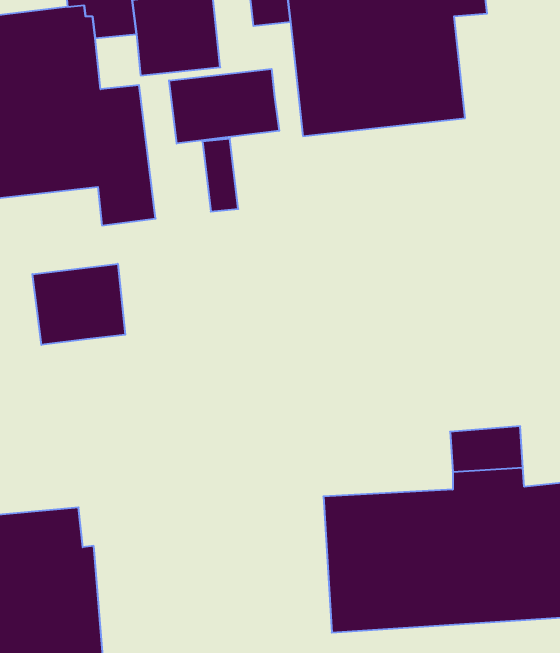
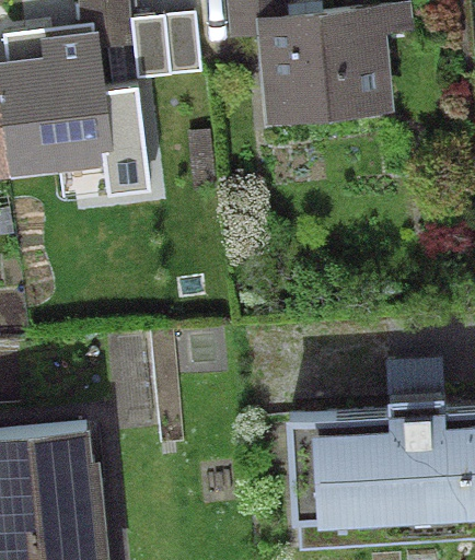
building: [169,69,279,144] -> none
building: [32,264,125,345] -> none

